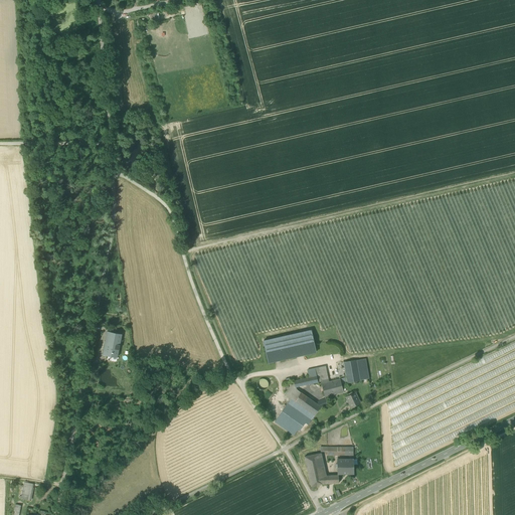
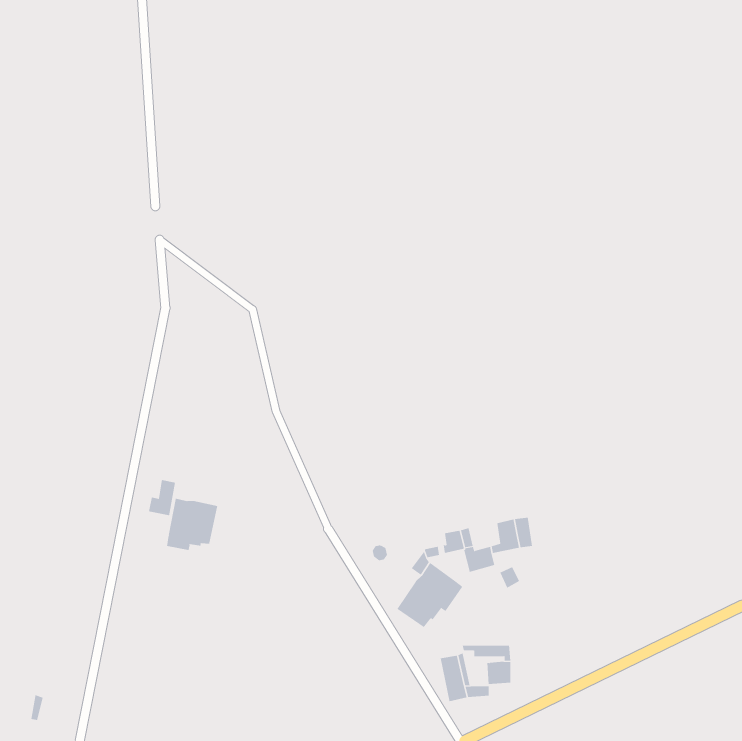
building: [264,329,316,362] -> none
building: none -> [166,498,218,551]

